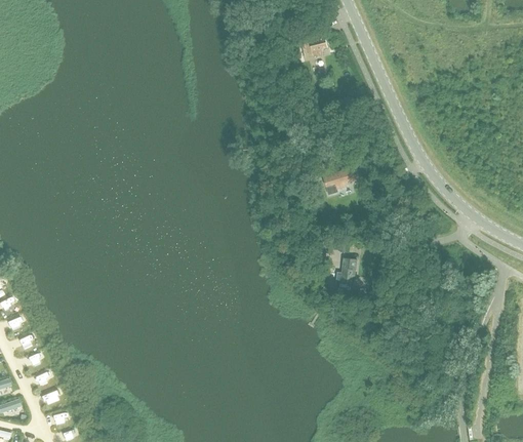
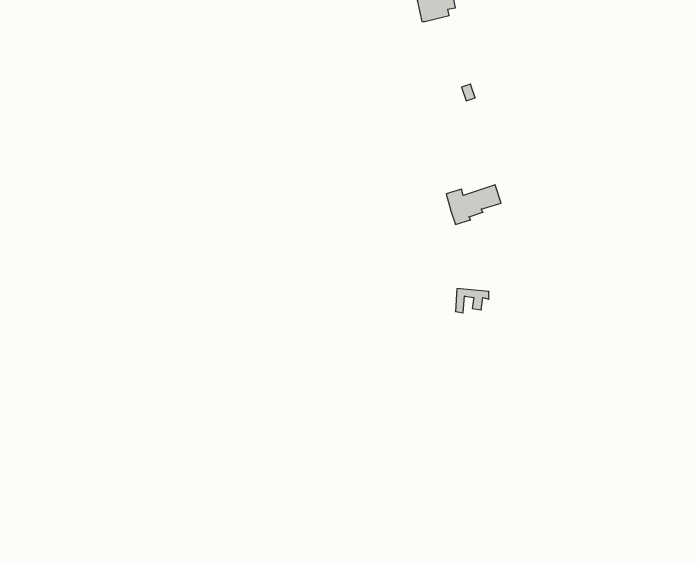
building: [337,257,358,288] -> none

